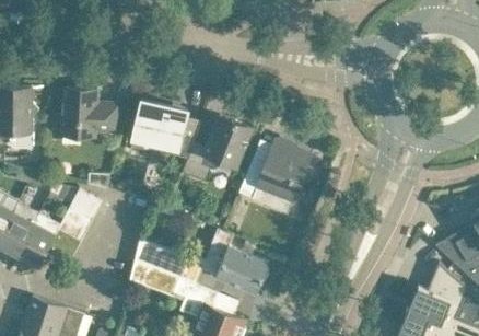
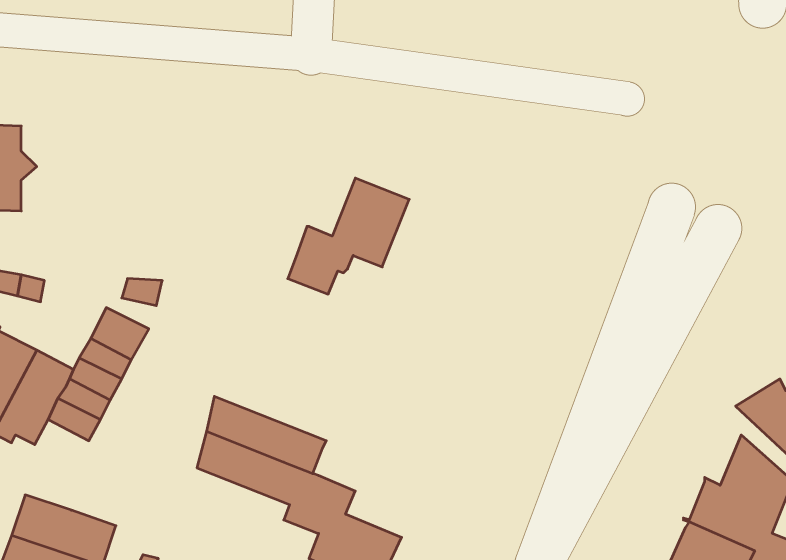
building: [61,89,119,139] -> none
building: [133,96,201,160] -> none
building: [237,139,311,212] -> none
building: [215,247,268,294] -> none

